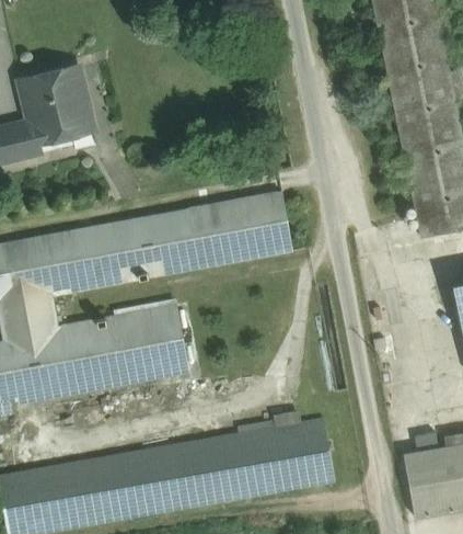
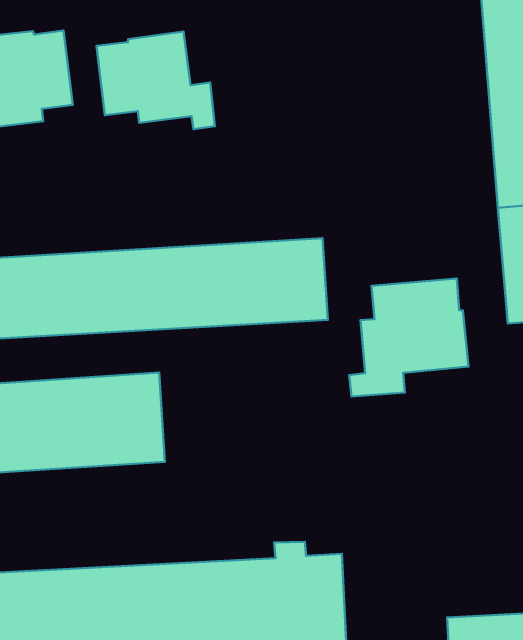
building: none -> [96,32,215,129]
building: none -> [349,278,469,396]

